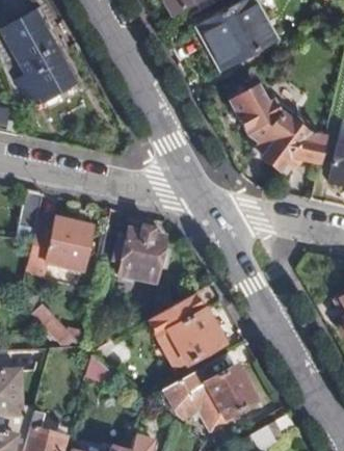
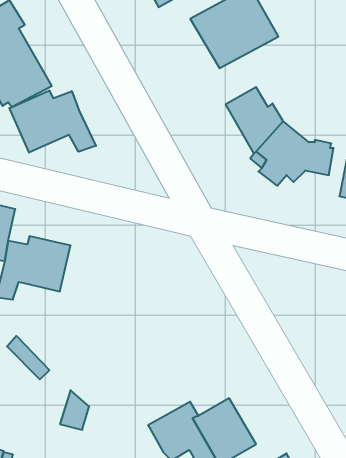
building: none -> [9,90,96,153]
building: [103,227,167,283] -> none
building: [157,291,221,362] -> none

